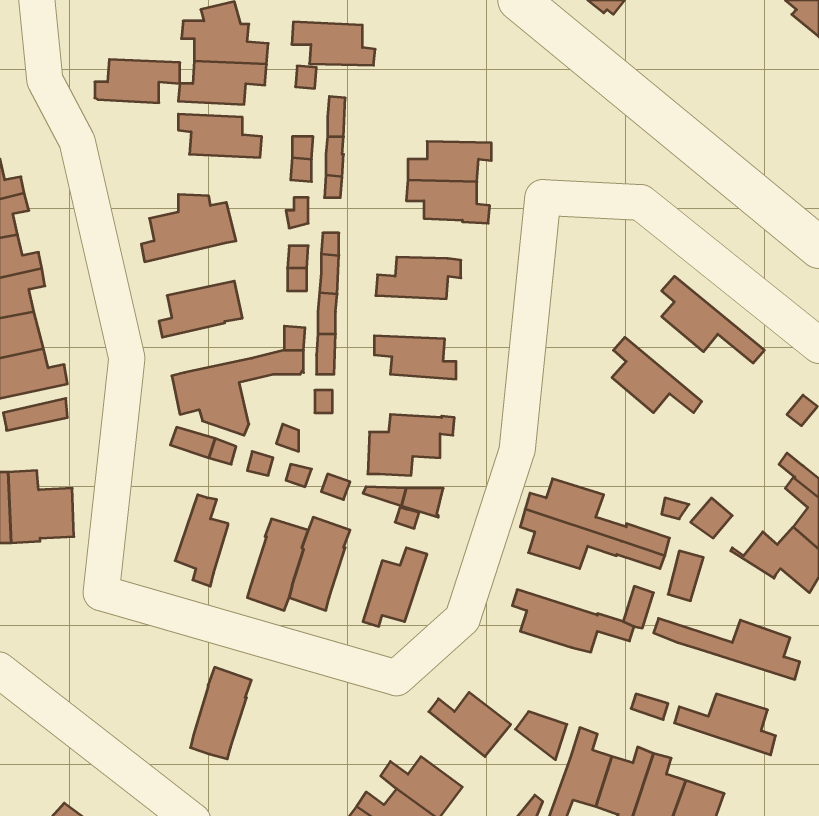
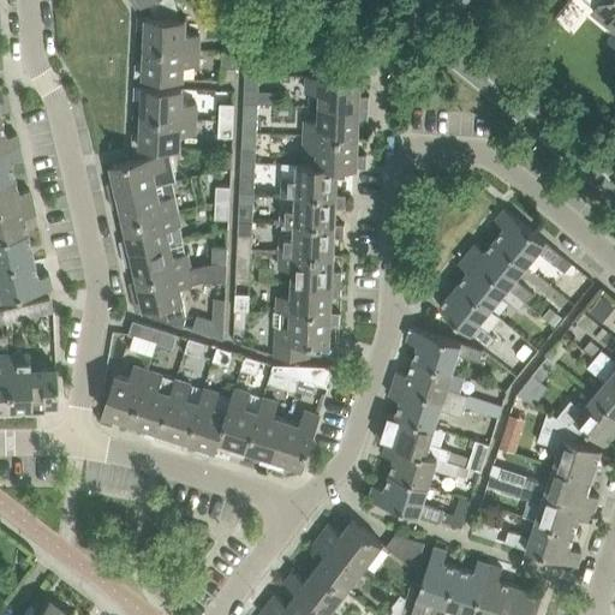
building: [292,22,375,65] -> [306,78,369,111]
building: [95,59,180,103] -> [131,119,195,151]
building: none -> [282,166,346,197]
building: none -> [108,185,175,225]
building: none -> [280,225,344,257]
building: none -> [467,240,532,304]
building: none -> [121,245,189,282]
building: none -> [276,283,341,316]
building: none -> [438,286,495,350]
building: none -> [406,329,483,374]
building: none -> [100,368,148,428]
building: none -> [246,400,286,468]
building: none -> [538,416,601,480]
building: none -> [387,417,450,464]
building: none -> [369,476,444,524]
building: none -> [504,484,595,535]
building: [190,667,251,759] -> [157,382,203,450]
building: none -> [312,536,363,592]

